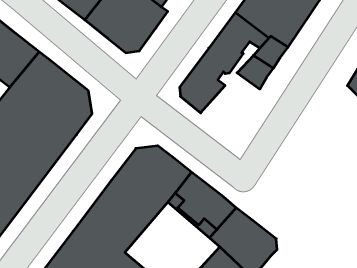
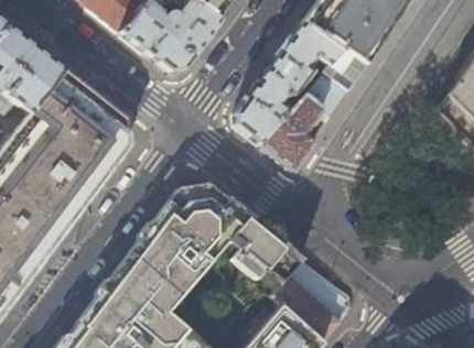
building: none -> [260,94,332,168]

